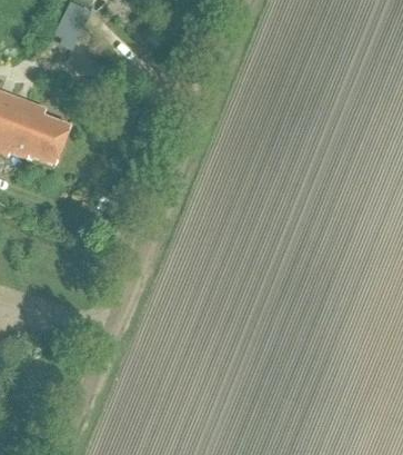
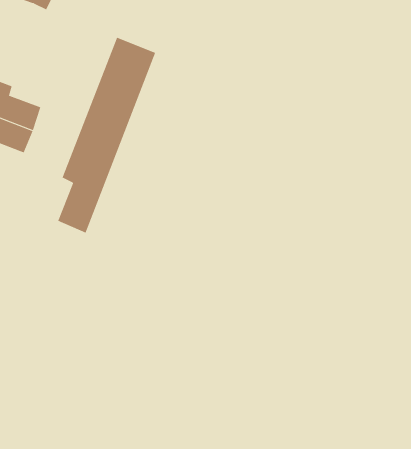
building: none -> [57,37,156,234]

